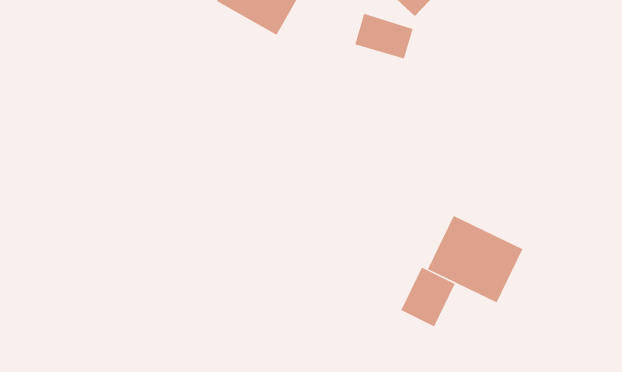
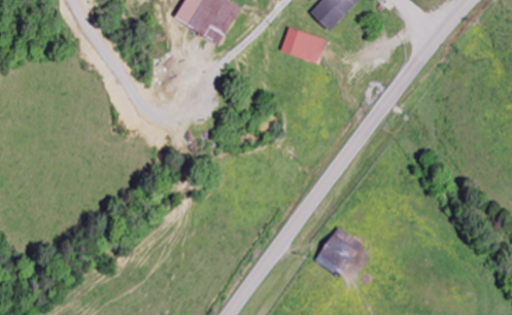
building: [427,215,523,303] -> none

